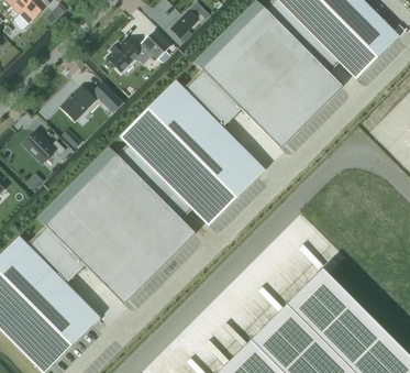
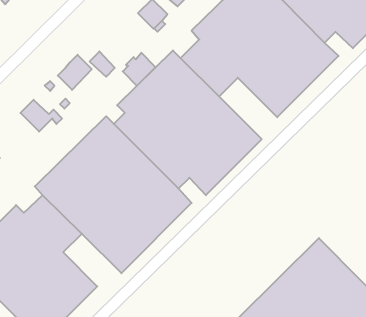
building: [107,37,140,70] -> [123,53,156,86]

